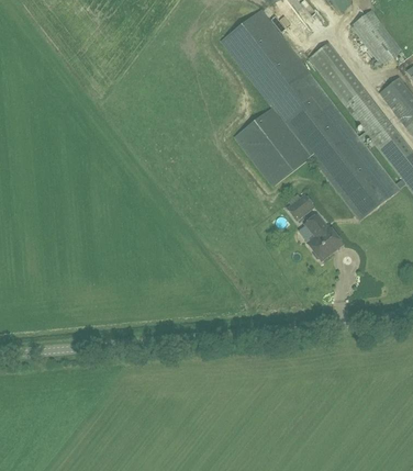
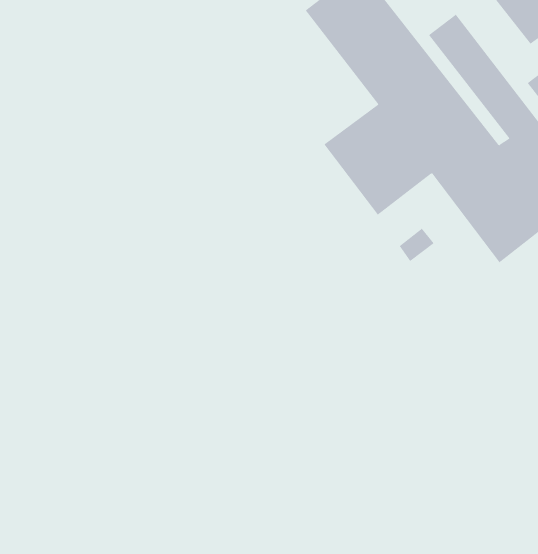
building: [304,213,342,259] -> none

